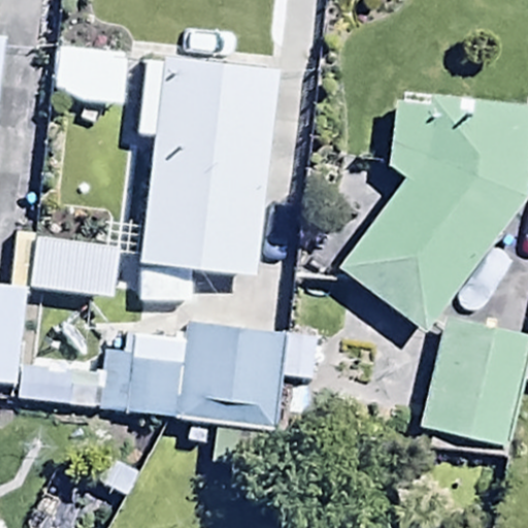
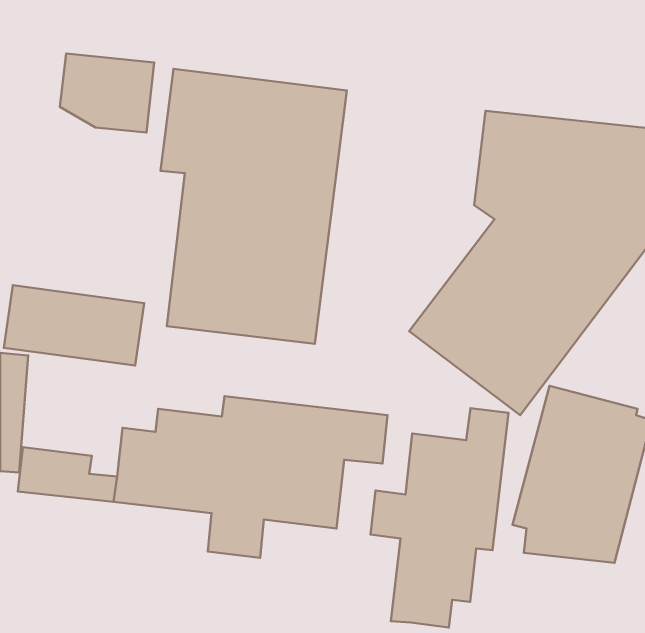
building: none -> [371,408,508,628]

